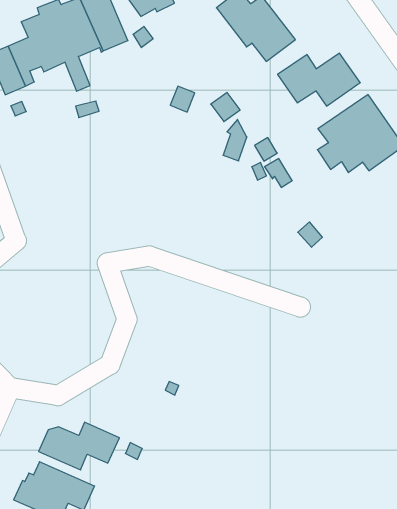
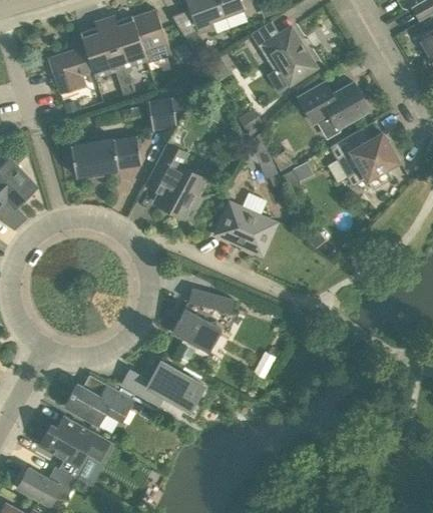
building: none -> [148,99,174,128]
building: none -> [66,135,141,176]
building: none -> [146,143,206,216]
building: none -> [214,201,276,254]
building: none -> [171,294,234,352]
building: none -> [122,362,203,414]

